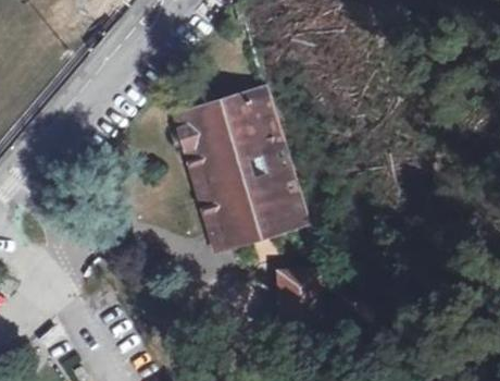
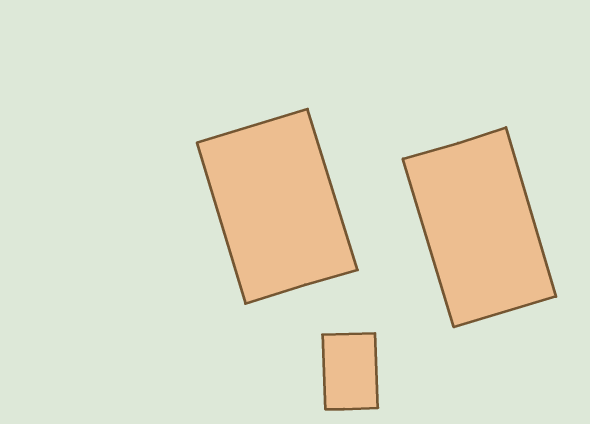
building: none -> [403,127,556,327]

